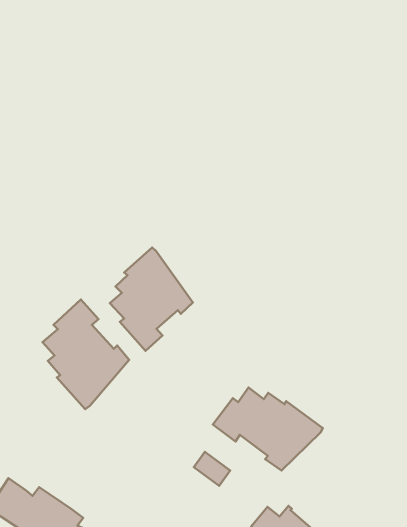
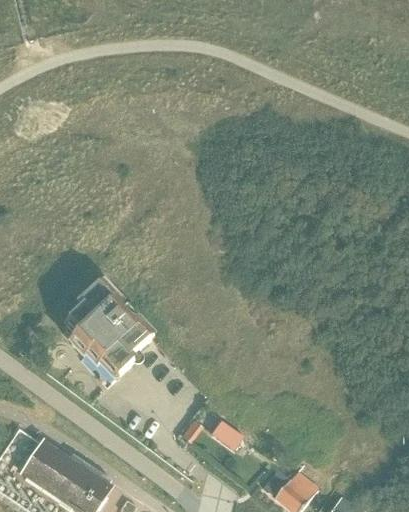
building: [110,247,193,351] -> none
building: [213,388,323,471] -> none

